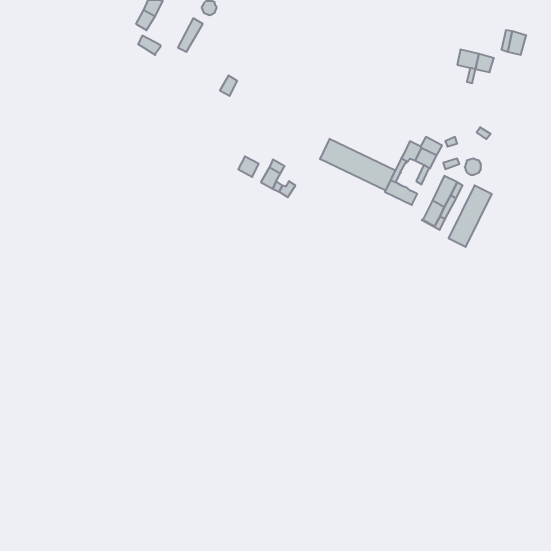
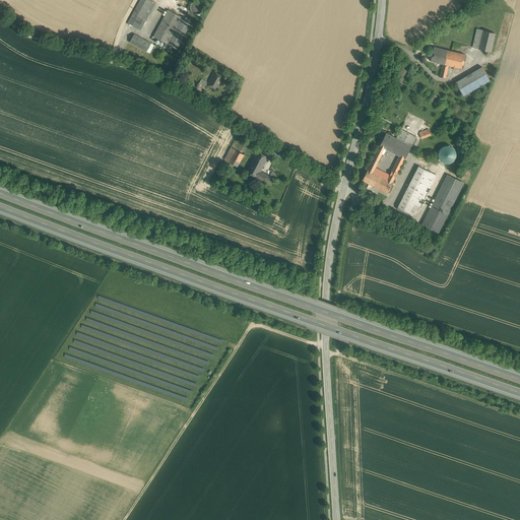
building: none -> [153,9,182,45]
building: none -> [456,67,490,95]
building: [320,139,395,191] -> none

